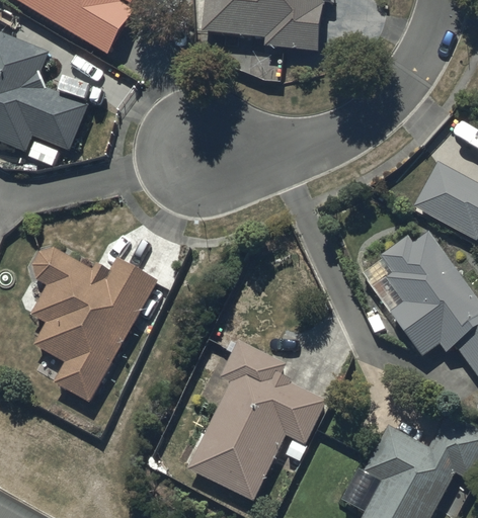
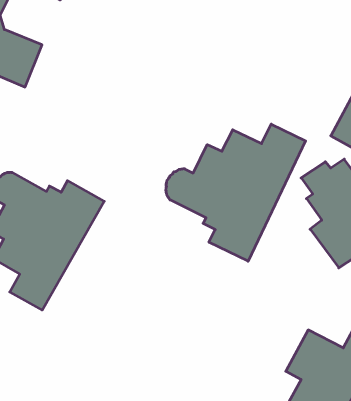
building: none -> [166,124,306,261]
building: [186,340,326,500] -> none

